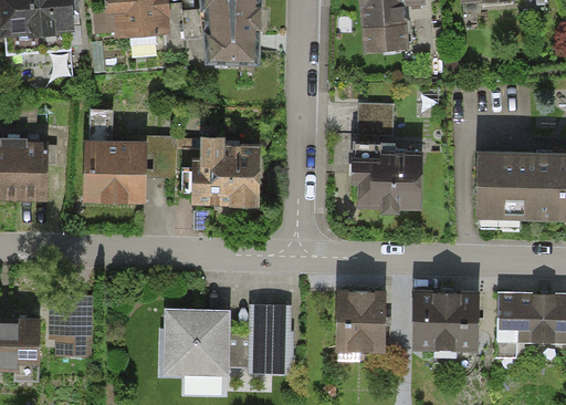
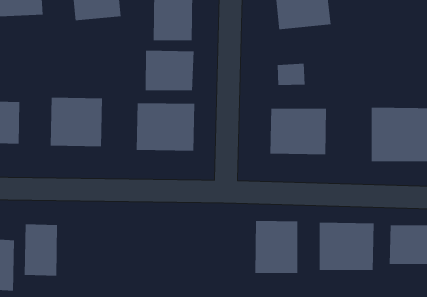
building: none -> [145,50,194,91]
building: [247,307,291,375] -> none
building: [160,310,226,376] -> none

